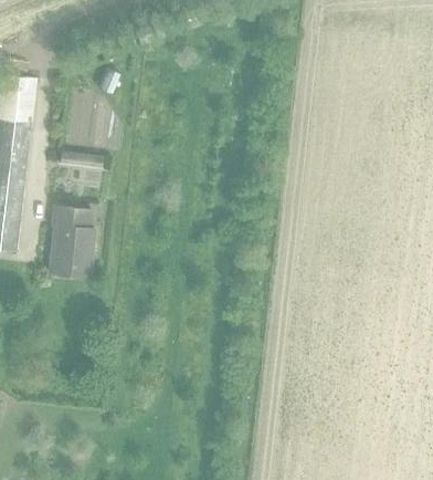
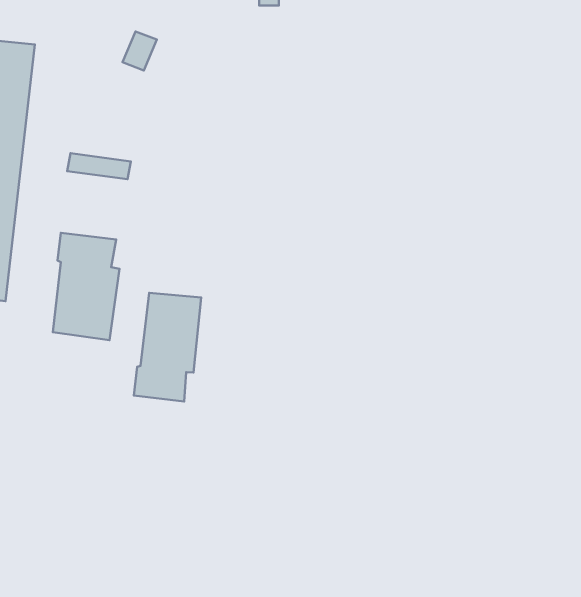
building: none -> [134,293,201,401]

